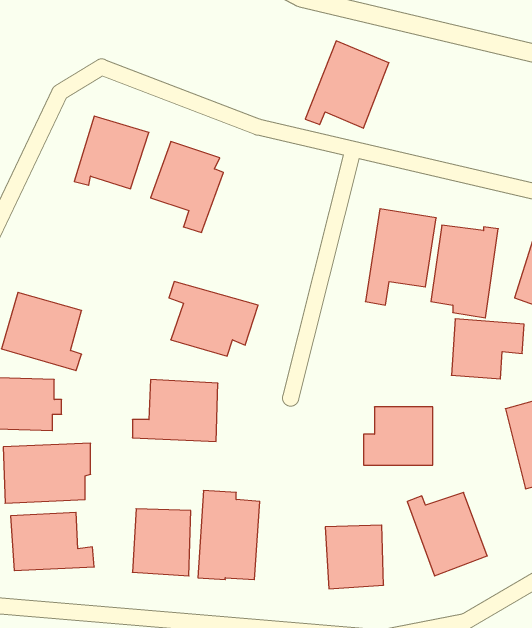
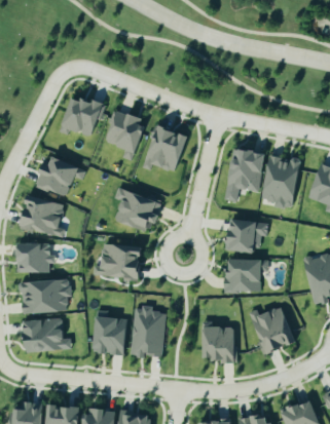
building: [305,41,389,128] -> [141,123,188,172]
building: none -> [35,154,85,197]
building: [451,319,524,379] -> [226,219,267,253]

